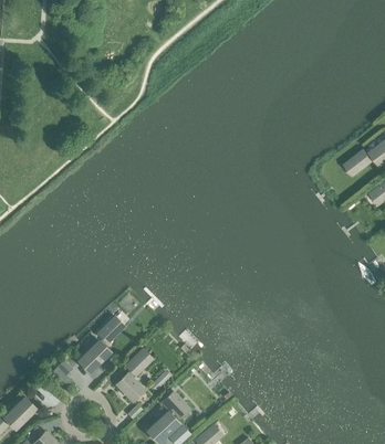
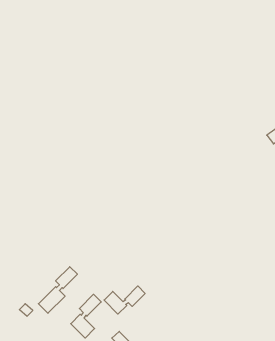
building: none -> [104,286,145,314]

